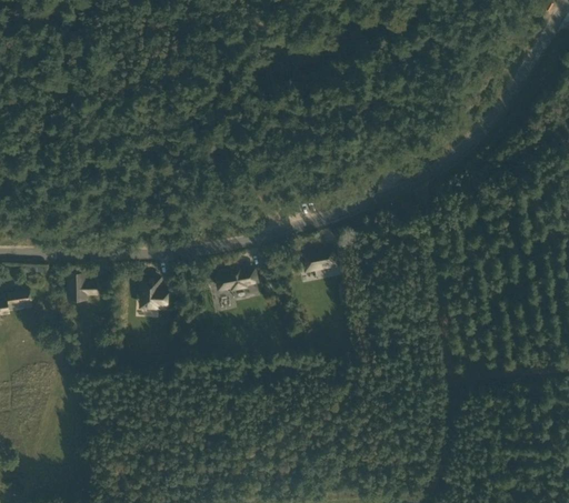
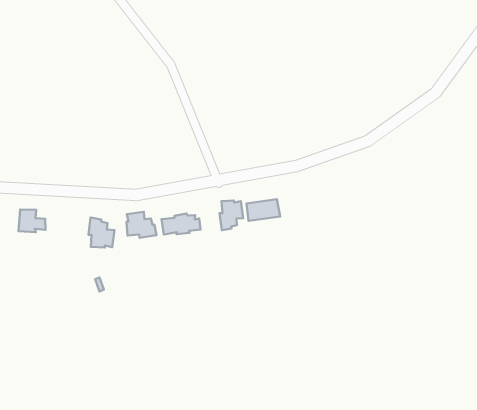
building: none -> [220,200,243,230]
building: none -> [127,212,156,238]

